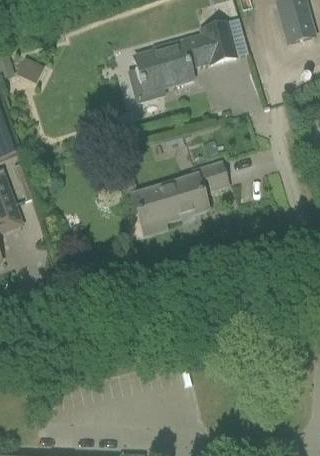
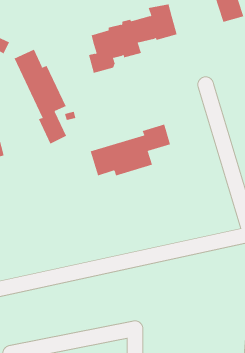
building: none -> [14,49,67,144]

